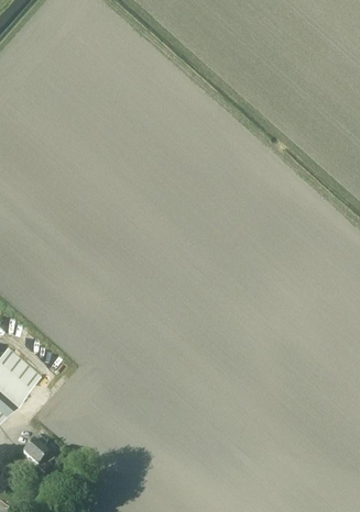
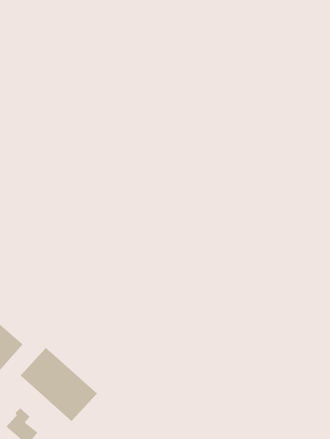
building: none -> [20,347,98,422]

